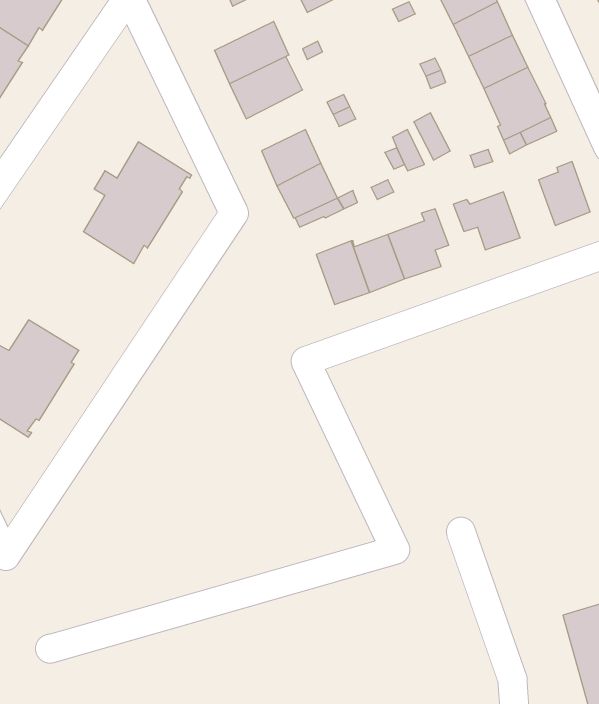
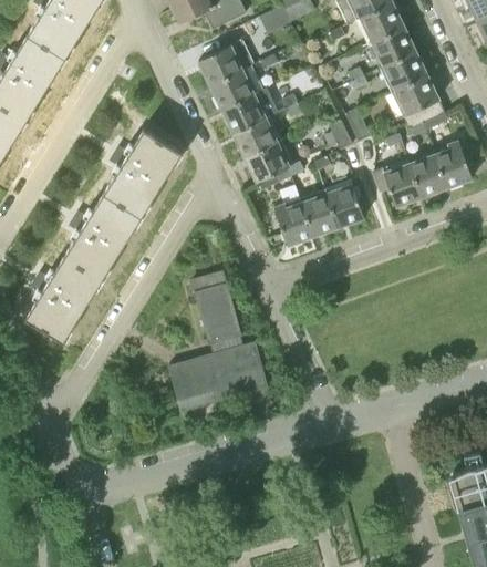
building: none -> [222,93,266,133]
building: none -> [410,154,447,196]
building: none -> [64,192,141,278]
building: none -> [169,271,266,410]

